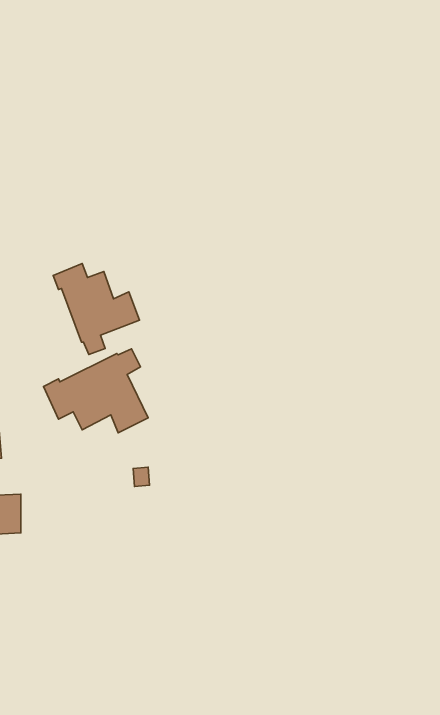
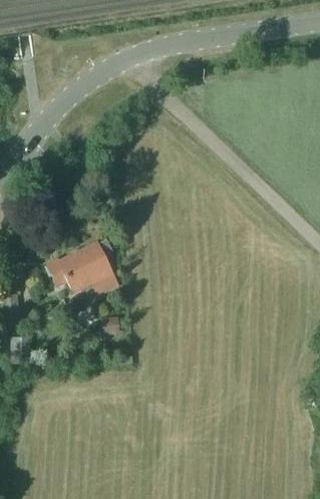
building: [53,263,139,355] -> none

